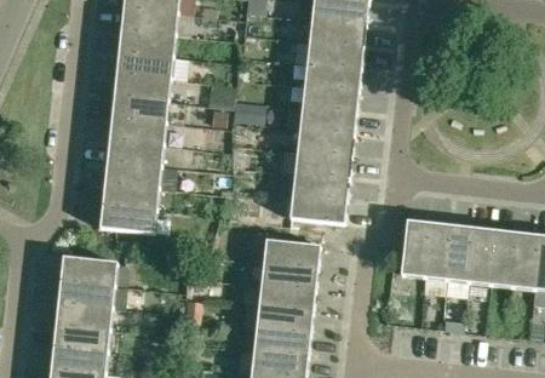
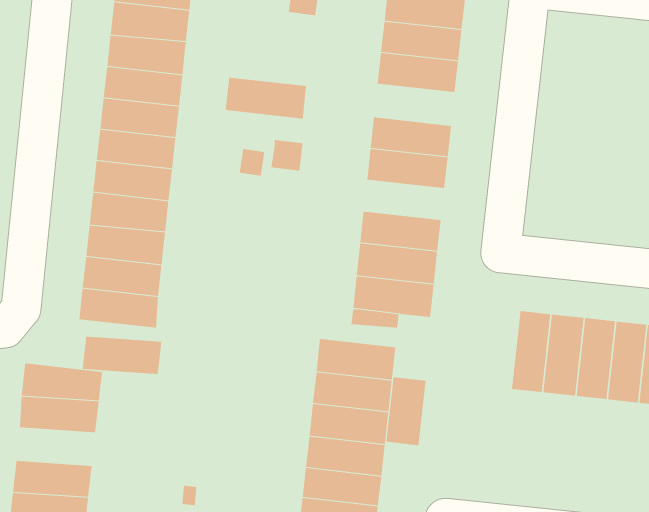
building: [304,62,361,91] -> [225,77,307,119]
building: [297,128,354,156] -> none
building: none -> [386,376,426,446]
building: [56,300,111,327] -> [82,336,162,375]

